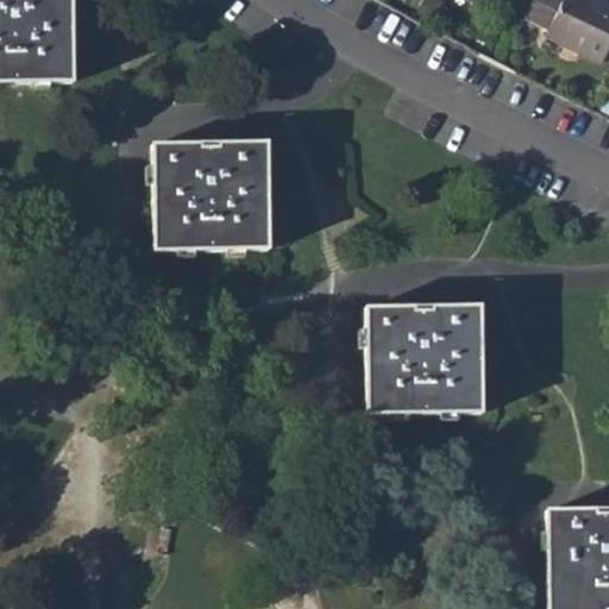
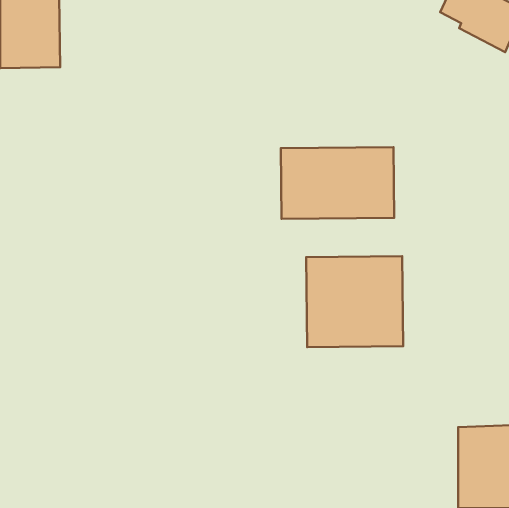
building: [152,140,270,250] -> none
building: none -> [281,147,394,219]

